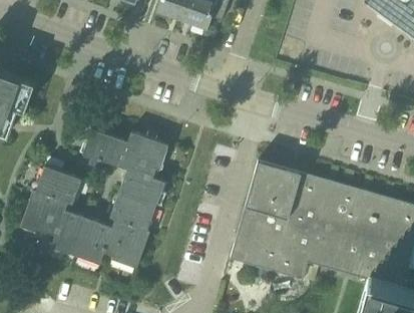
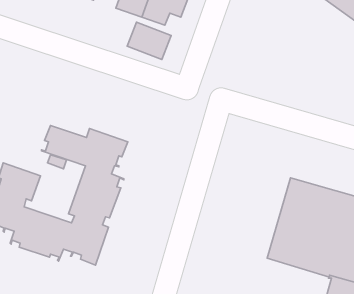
building: none -> [127,22,171,59]
building: [231,161,332,280] -> none

